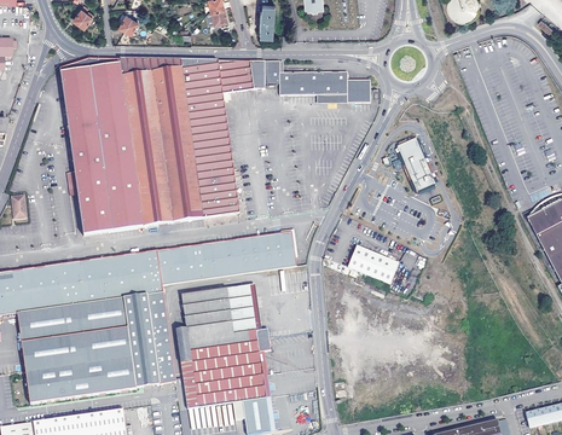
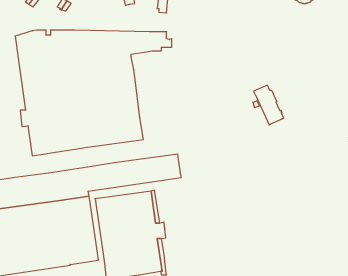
building: [279,70,370,102] -> none
building: [349,243,400,282] -> none

